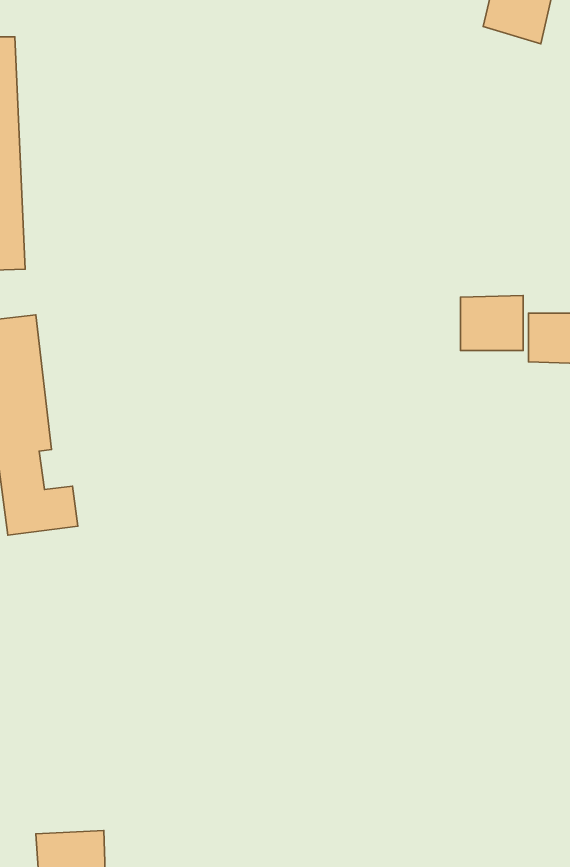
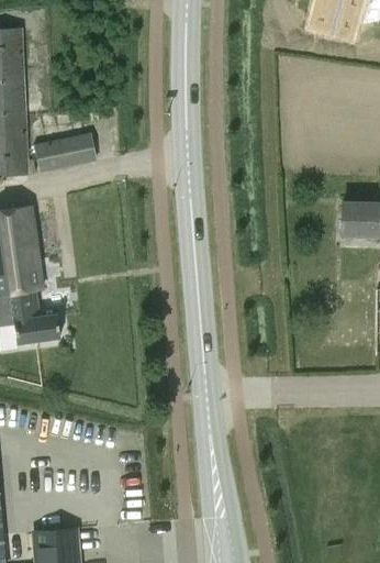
building: none -> [34,133,96,172]
building: [460,295,523,351] -> none

